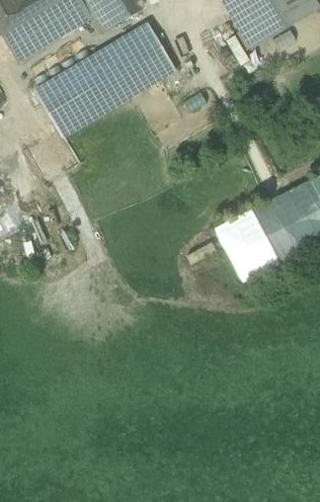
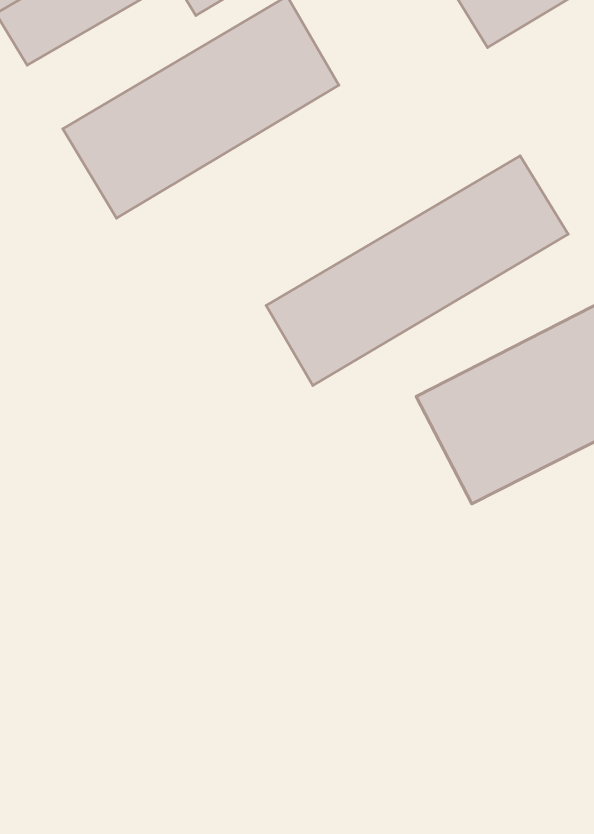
building: none -> [266,156,568,385]

